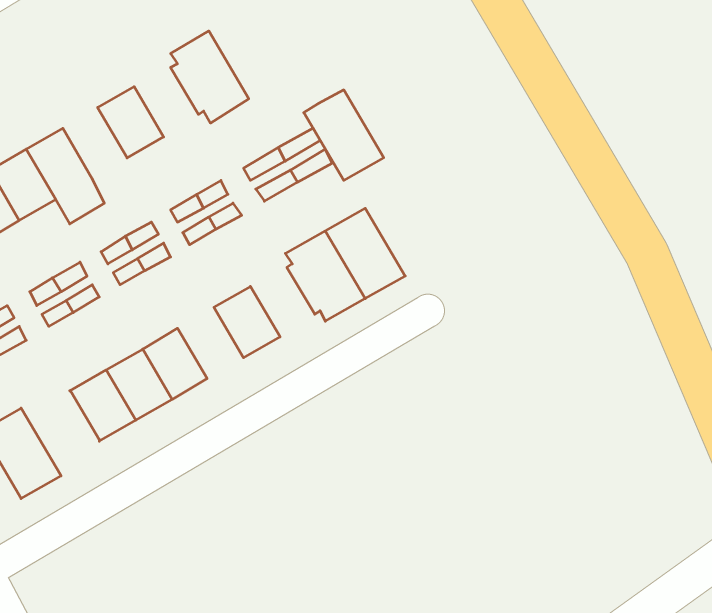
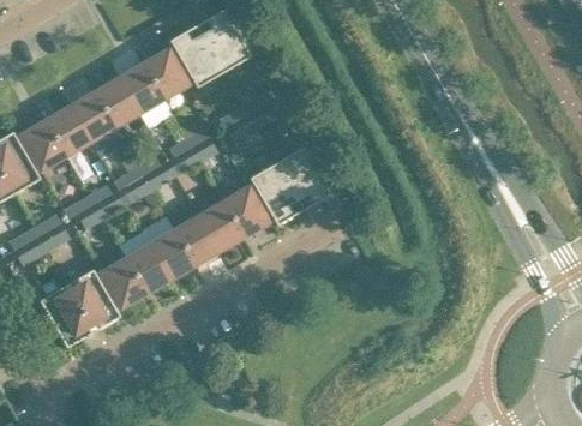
building: none -> [146,47,191,96]
building: [304,90,384,180] -> [198,7,253,70]
building: none -> [97,76,142,125]
building: none -> [227,185,271,234]
building: none -> [176,214,222,263]
building: none -> [68,268,122,330]

